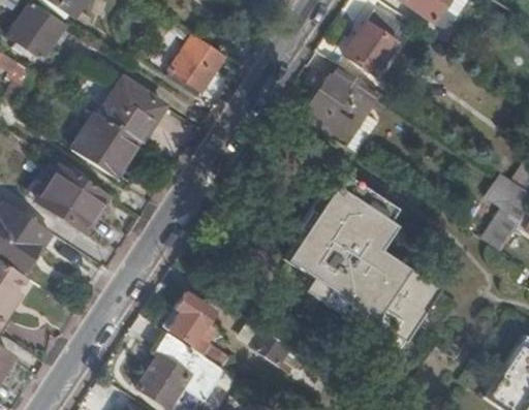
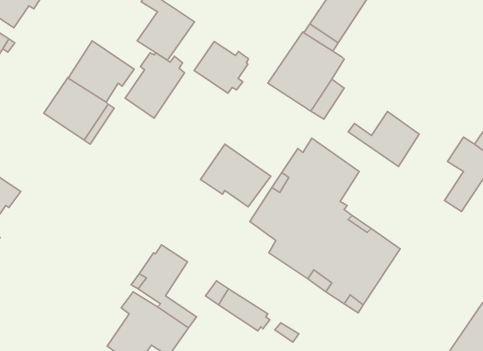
building: none -> [194,41,249,93]
building: none -> [125,53,185,118]
building: none -> [348,111,419,166]
building: [36,162,108,229] -> none
building: none -> [201,144,271,207]

